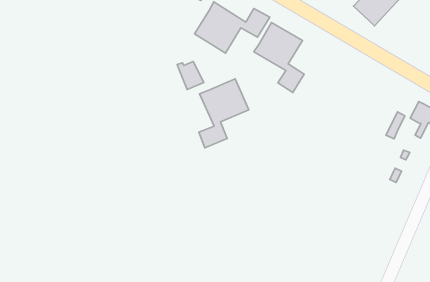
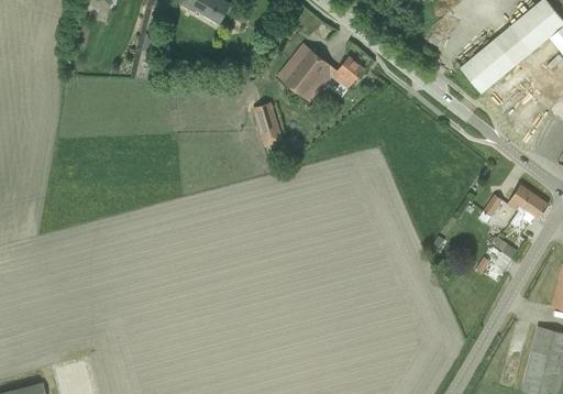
building: [254,23,304,92] -> none
building: [199,79,249,148] -> none

